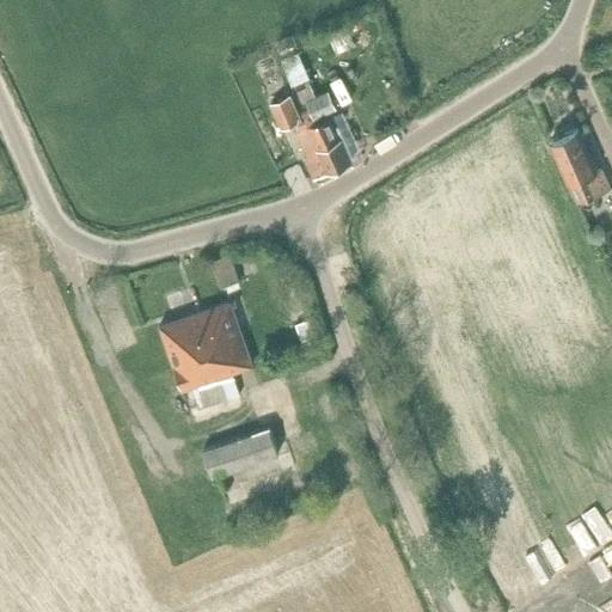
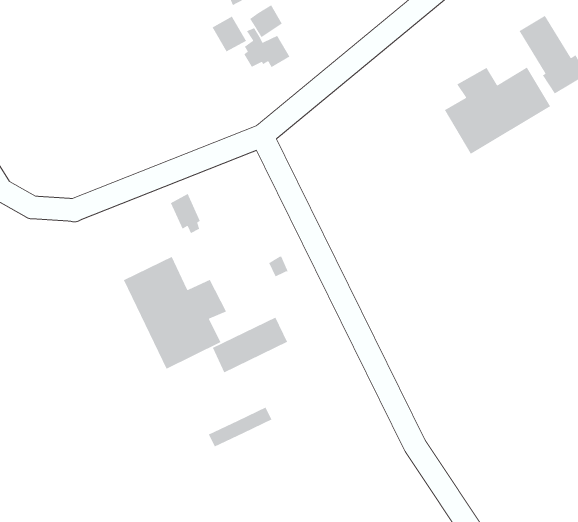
building: [301,140,348,179] -> none
building: none -> [444,66,551,155]
building: [208,302,240,342] -> none
building: [204,429,275,476] -> [212,316,288,373]

